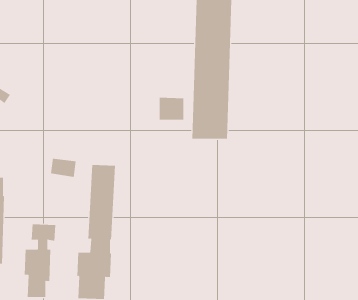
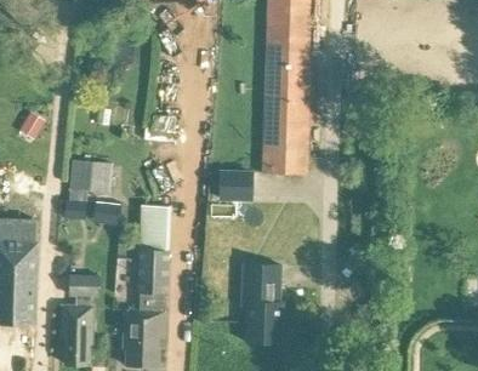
building: [159,97,184,120] -> [221,172,251,200]
building: none -> [66,161,112,221]
building: none -> [241,264,283,344]

